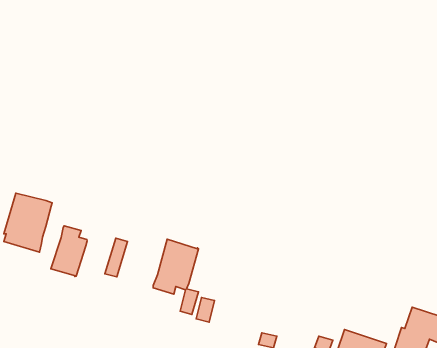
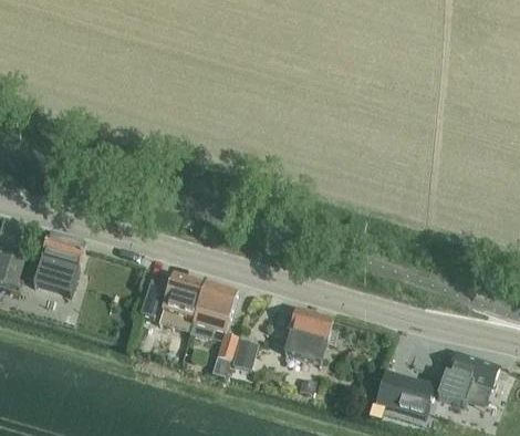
building: [51,226,87,277] -> none
building: none -> [162,273,204,320]
building: none -> [282,310,331,364]

